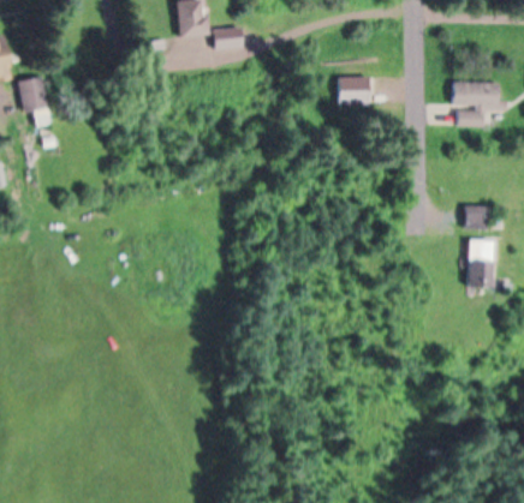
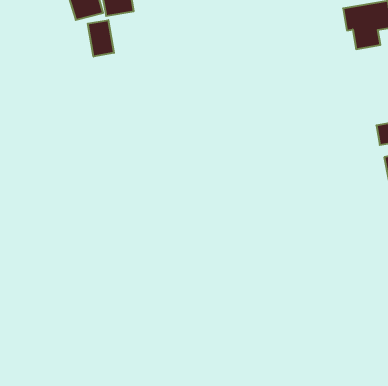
building: none -> [88,20,114,57]
building: [338,76,370,103] -> none

